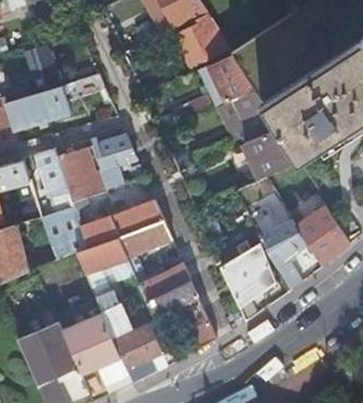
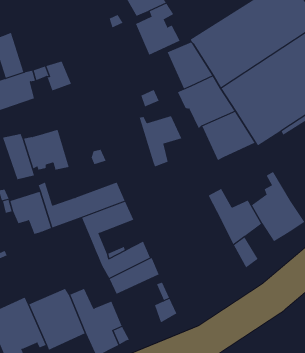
building: [90,136,135,190] -> [139,115,182,167]
building: [74,237,128,275] -> none
building: [220,240,273,306] -> none

